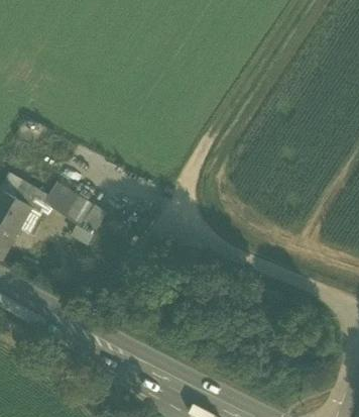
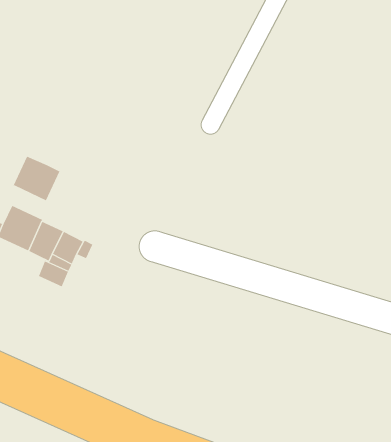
building: none -> [13,156,60,201]

